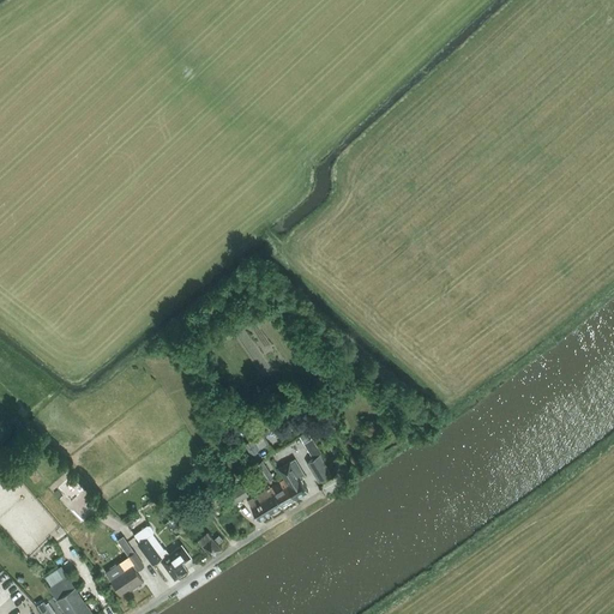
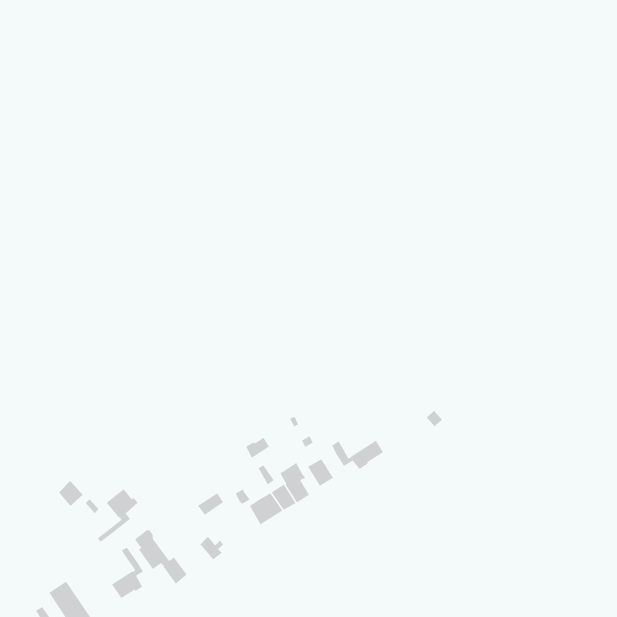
building: none -> [331,440,384,470]
building: none -> [97,489,138,543]

